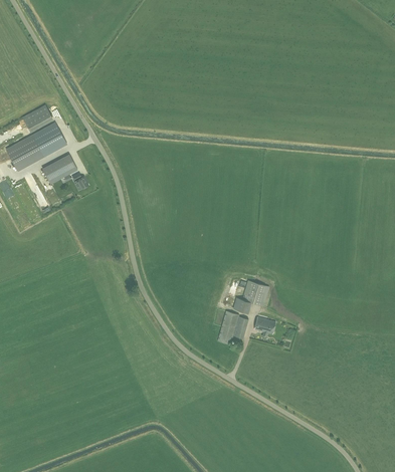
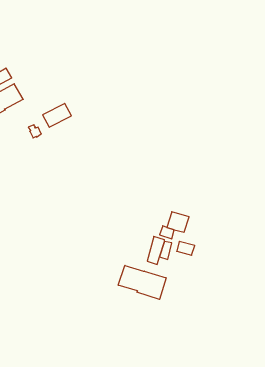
building: [41,155,76,184] -> [43,103,71,127]
building: none -> [118,265,166,299]

